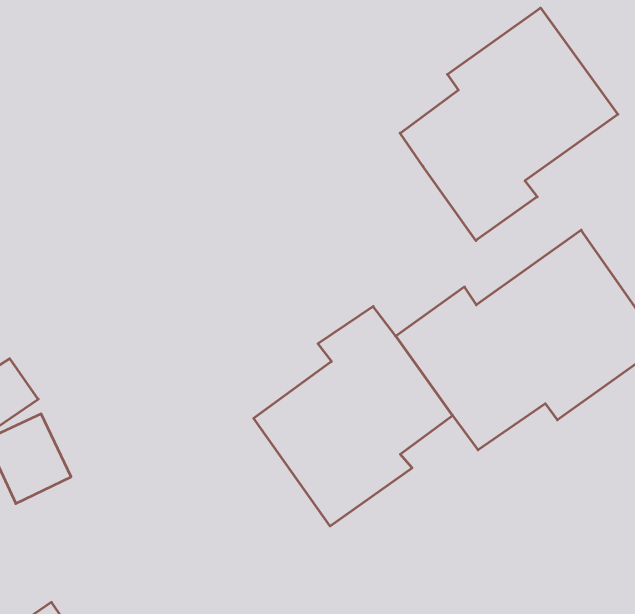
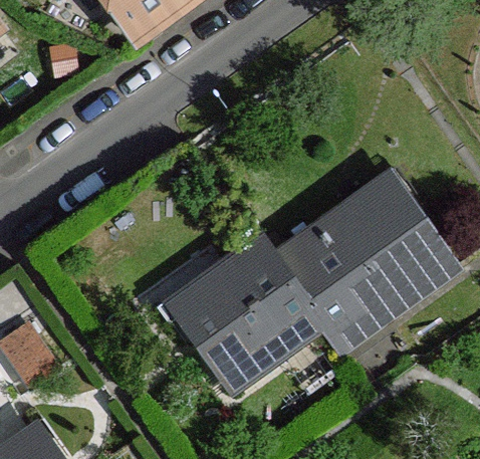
building: [400,8,618,241] -> none

